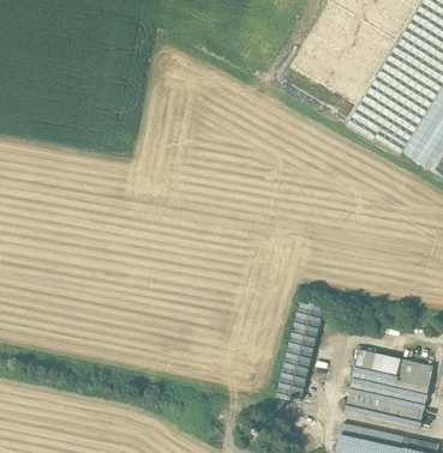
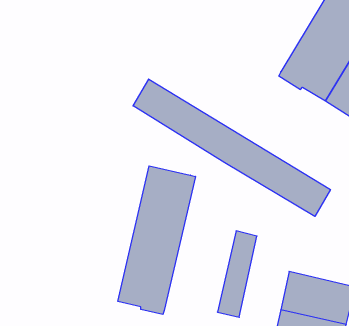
building: none -> [133,79,330,216]
building: none -> [118,166,195,314]

